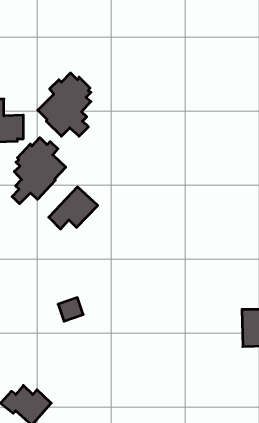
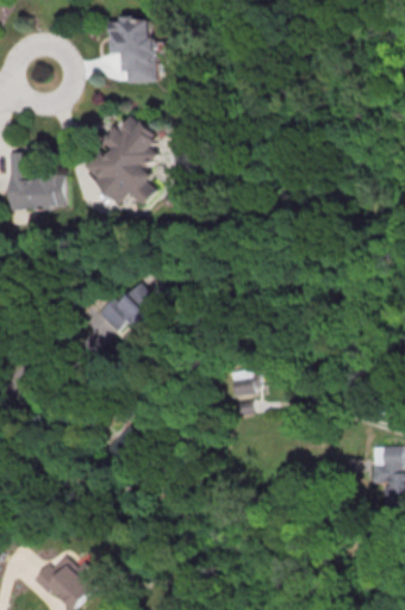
building: none -> [112,15,155,80]
building: [12,138,66,204] -> none
building: none -> [231,369,256,394]

